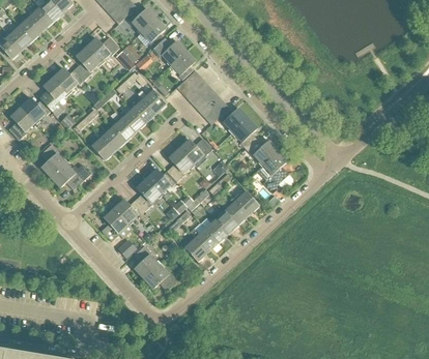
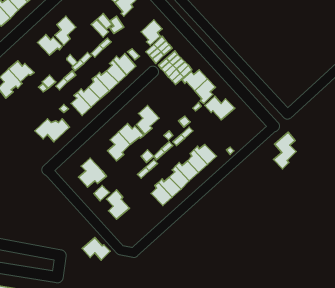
building: [86,35,119,58] -> none
building: [153,37,187,63] -> none
building: [39,76,67,114] -> none
building: [179,137,212,161] -> none
building: [40,143,65,176] -> none
building: [262,150,288,191] -> [274,132,296,169]
building: [114,198,148,221] -> none
building: [144,264,176,290] -> [82,237,110,260]

